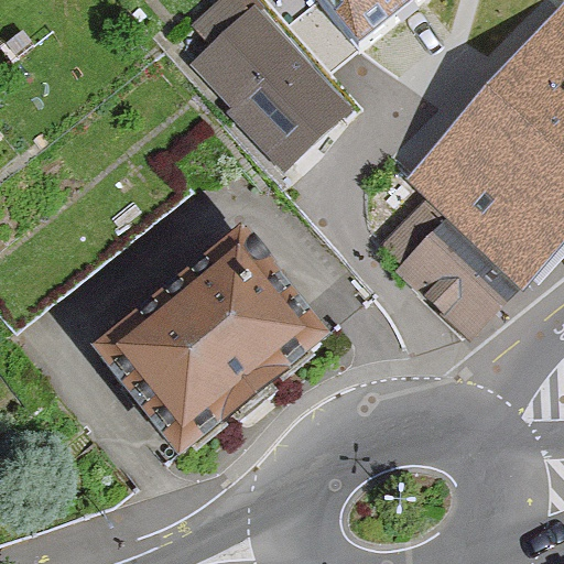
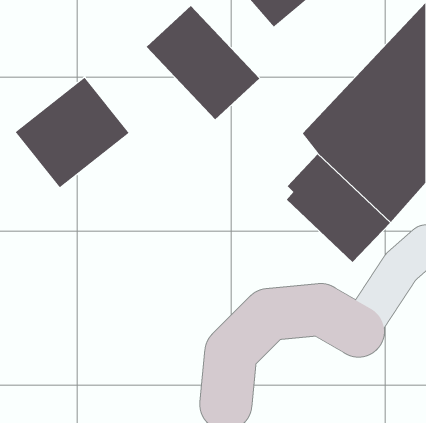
building: none -> [15,77,130,188]
building: [100,230,319,440] -> none

